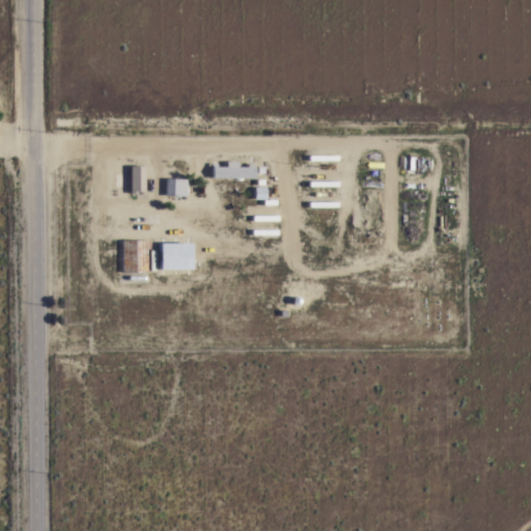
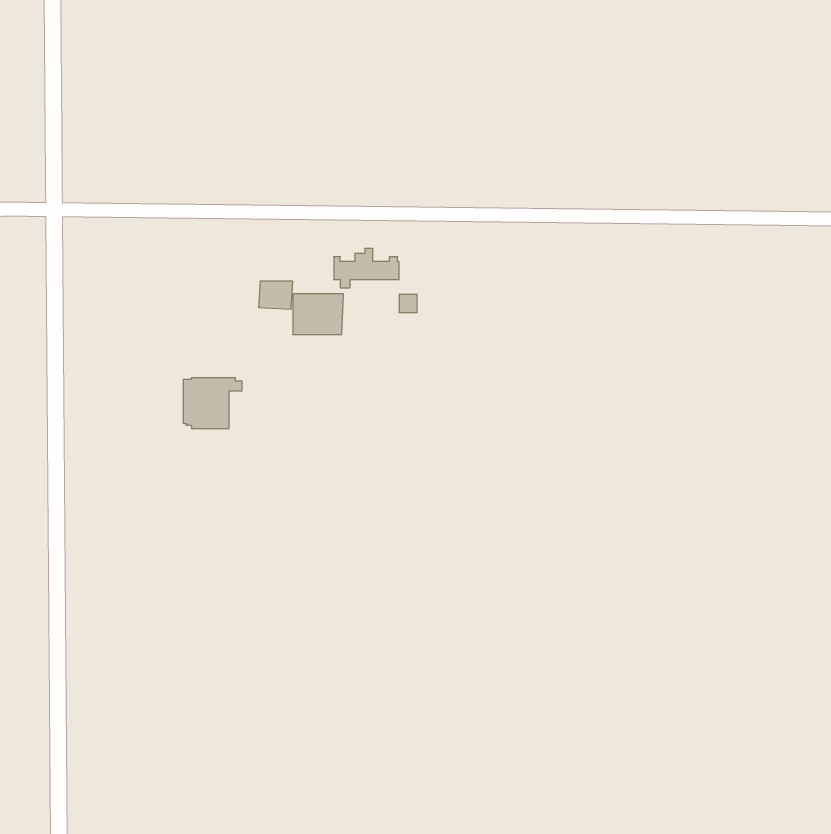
building: [132,165,146,194] -> none
building: [161,244,193,270] -> [293,294,343,335]

